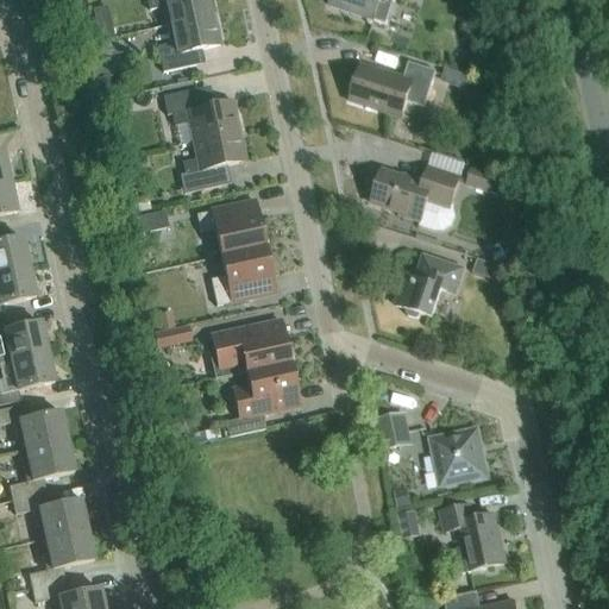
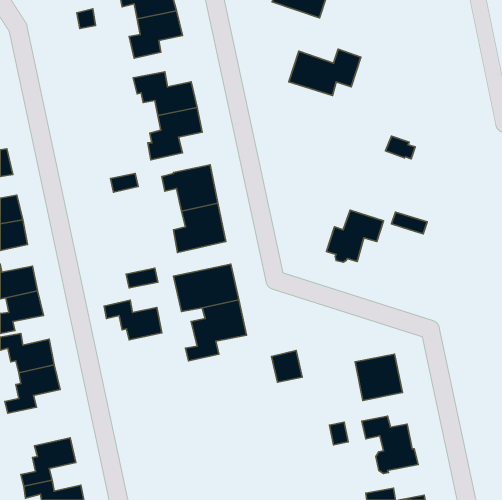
building: [372,165,462,220] -> none
building: none -> [104,300,162,340]
building: [377,410,414,448] -> [272,350,302,382]
building: [12,491,87,538] -> none

